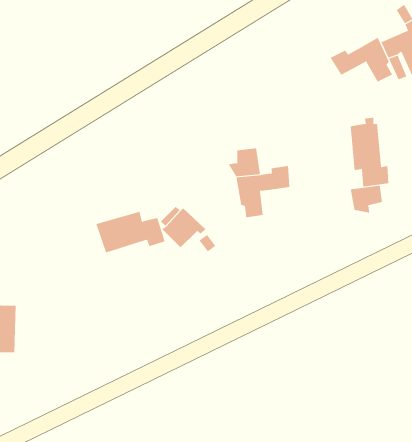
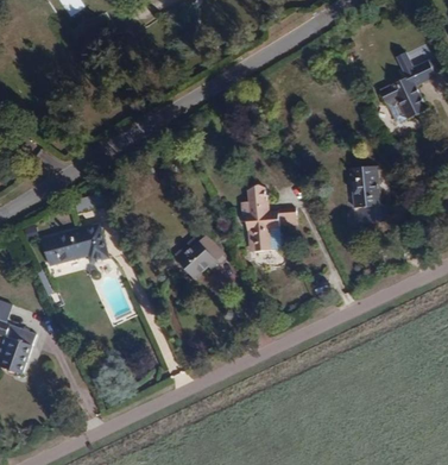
building: [330,37,393,83] -> none
building: [350,185,383,213] -> none
building: [95,211,165,253] -> [42,228,107,268]

